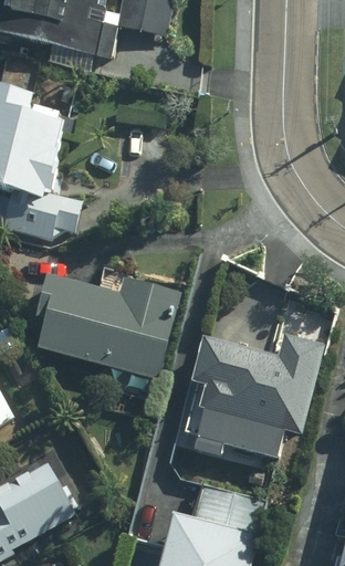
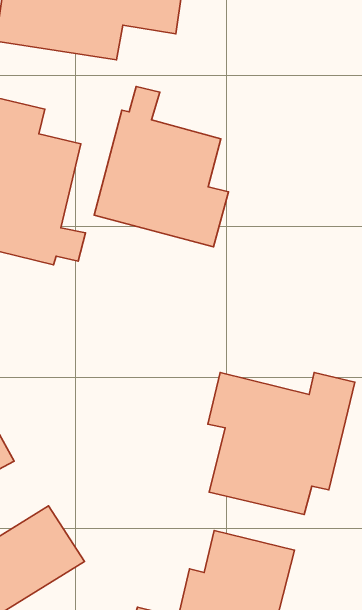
building: none -> [94,86,229,247]
building: [34,273,175,419] -> none

